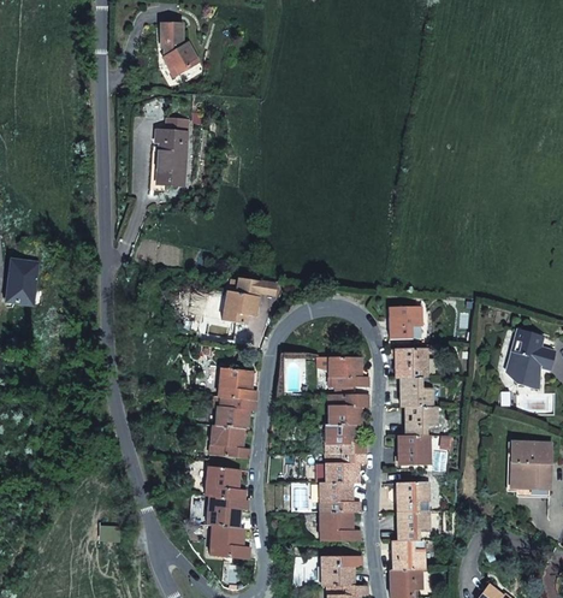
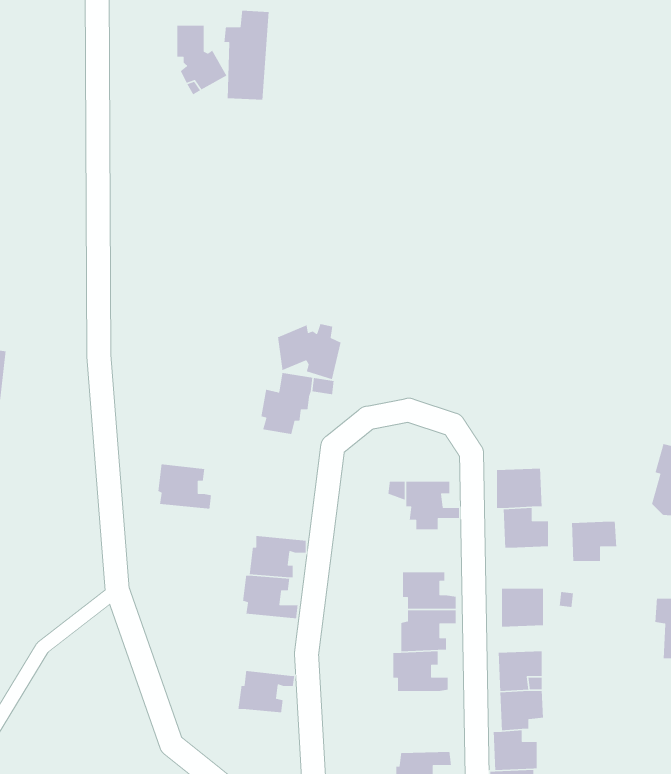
building: [155,118,189,184] -> [224,10,270,100]
building: none -> [277,323,342,380]
building: [390,306,421,337] -> none
building: [218,367,257,401] -> [157,463,212,510]
building: [327,395,368,424] -> none
building: [404,405,438,436] -> [571,521,617,562]
building: [205,467,244,499] -> none
building: [319,511,360,540] -> none
building: [209,525,249,557] -> none

